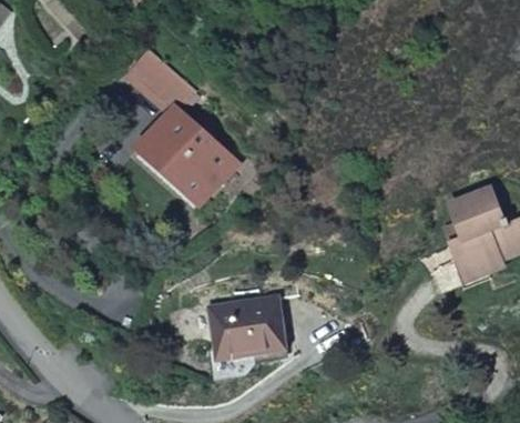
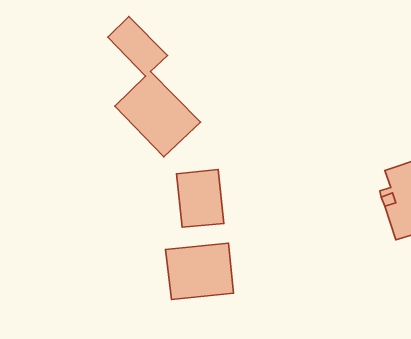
building: none -> [177,170,224,227]

